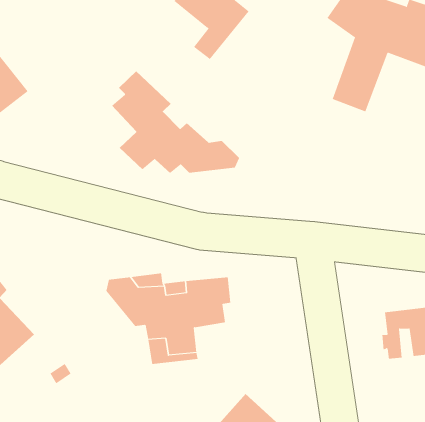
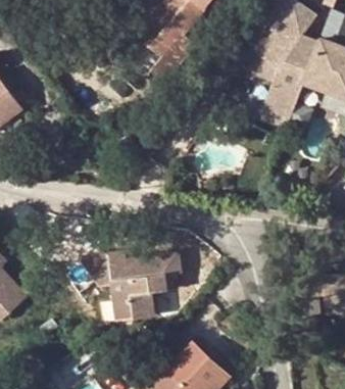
building: [111,70,240,174] -> none

